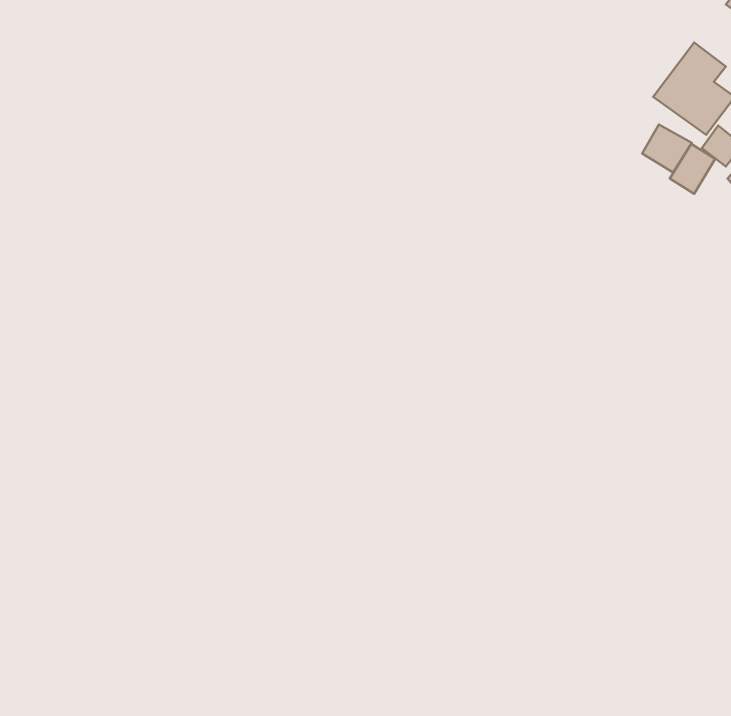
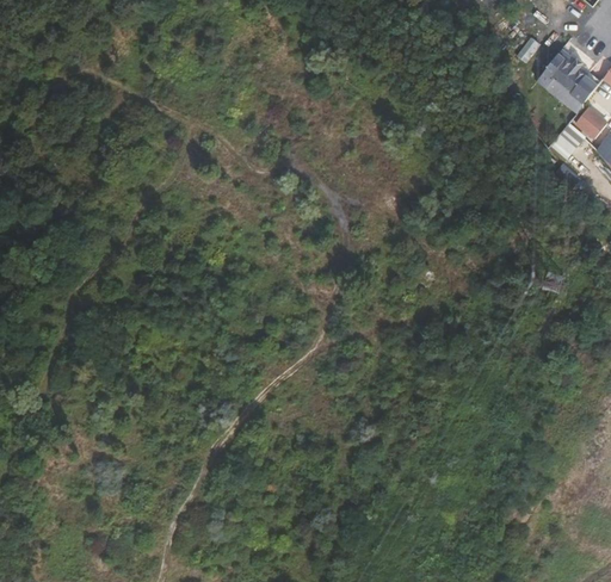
building: [642,124,692,172] -> none

